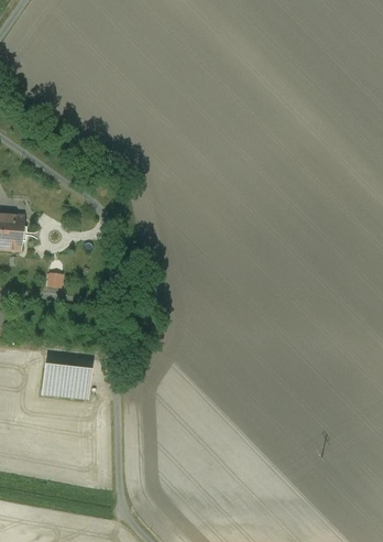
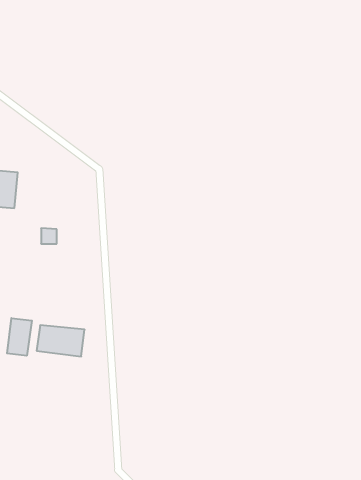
building: none -> [7,318,32,356]

